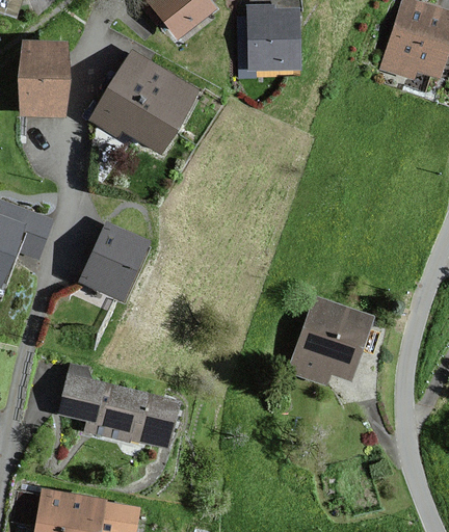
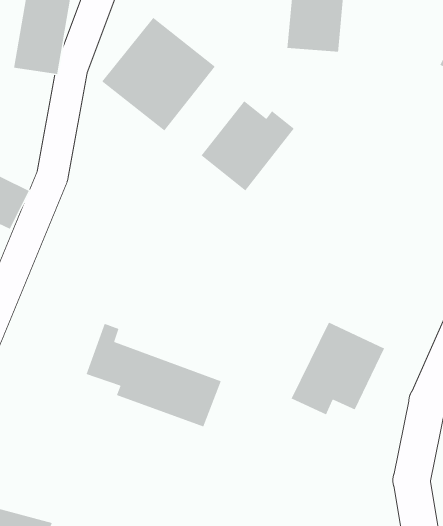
building: none -> [201,100,295,192]
building: [82,221,146,294] -> none
building: [61,365,178,443] -> [85,323,222,427]

